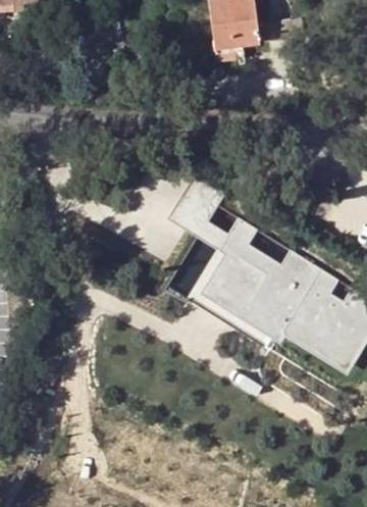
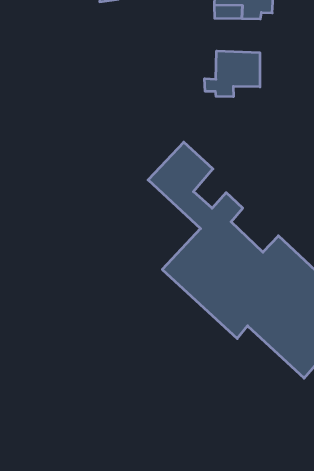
building: none -> [205,51,260,97]

